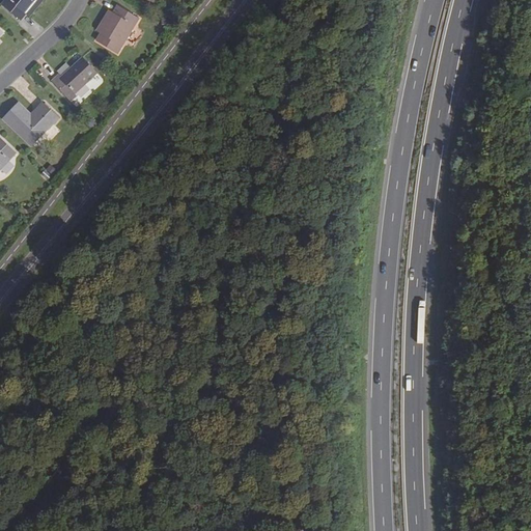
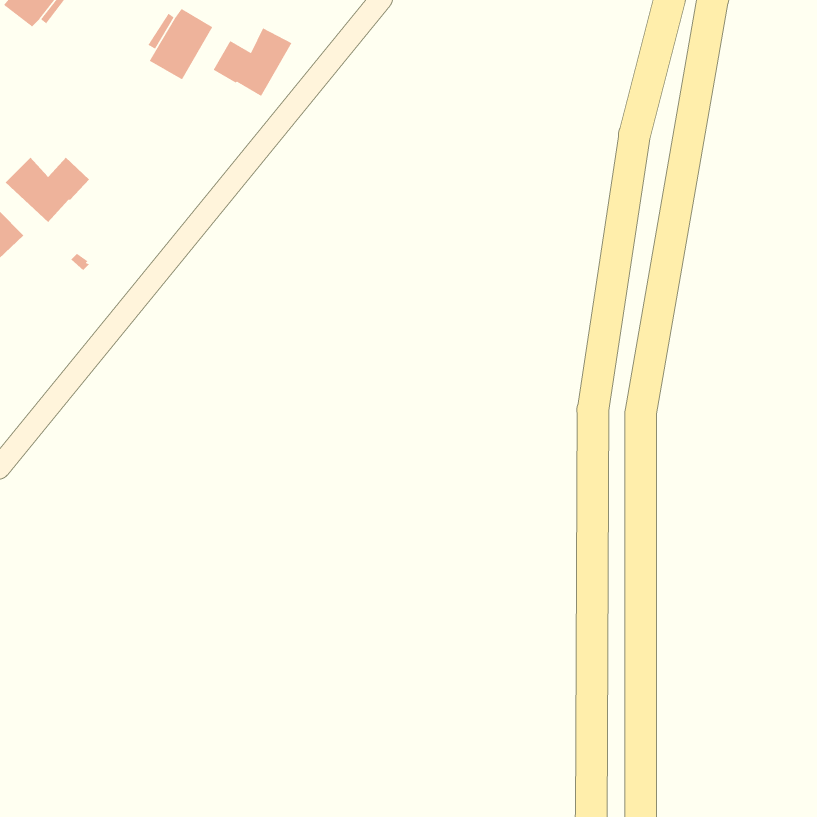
building: none -> [213,28,292,97]
building: [52,57,96,99] -> none

